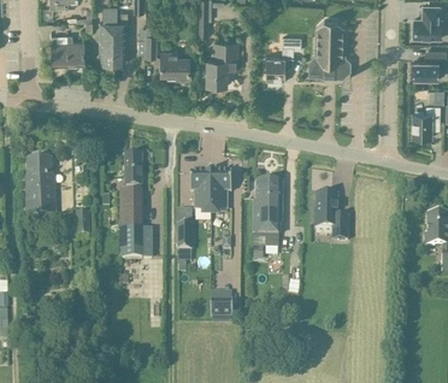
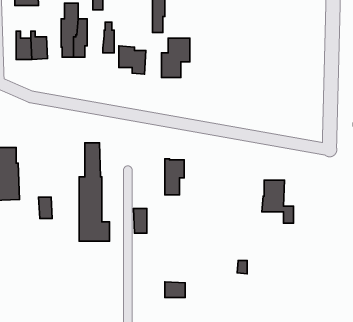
building: [307,22,350,79] -> none
building: [265,39,300,83] -> none
building: [189,173,210,212] -> none
building: [252,184,282,249] -> none

